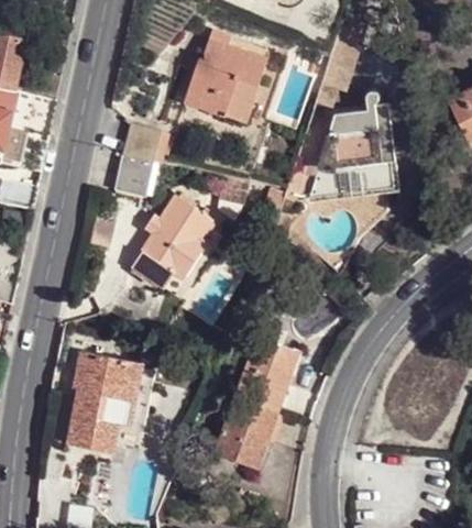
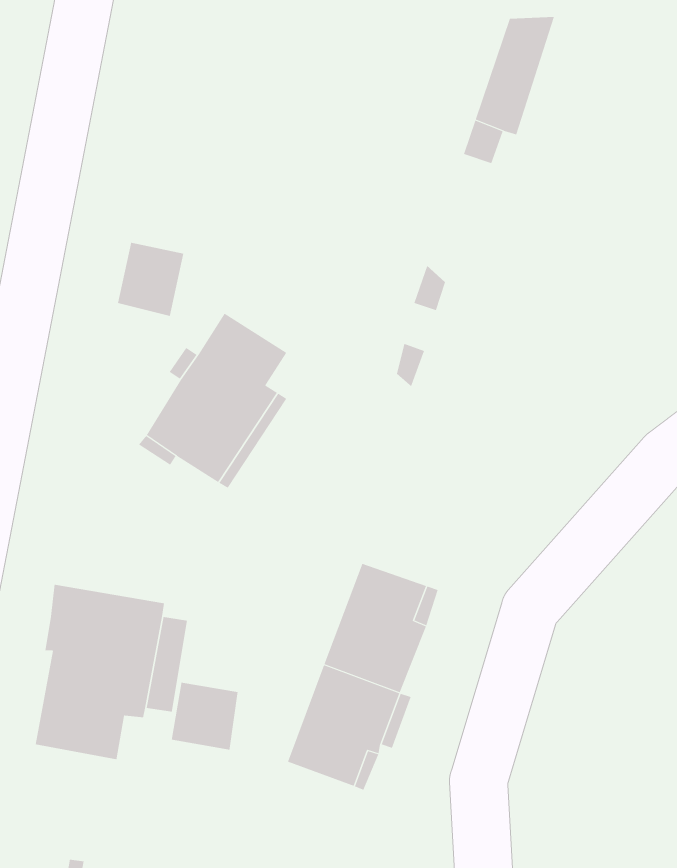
building: [185,32,267,123] -> none
building: [310,92,397,199] -> none
building: [122,125,160,161] -> none
building: none -> [171,682,238,750]

